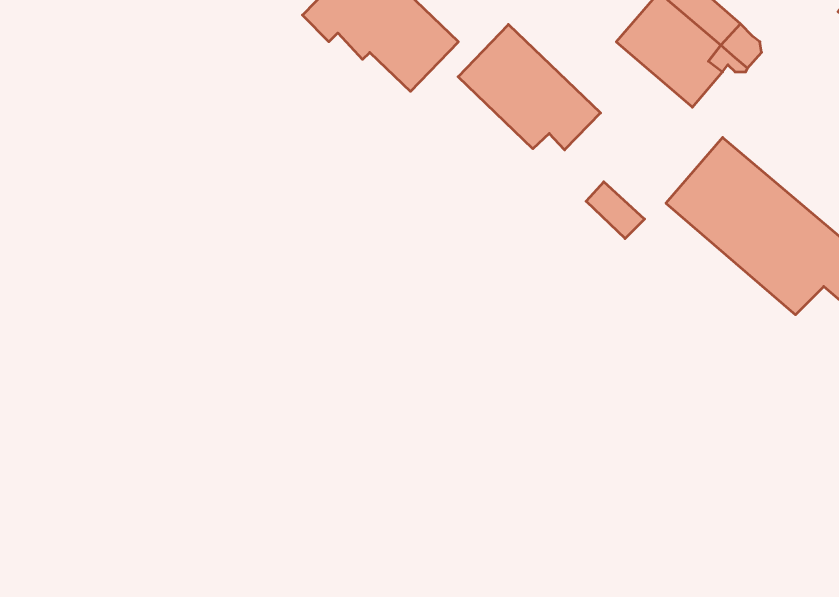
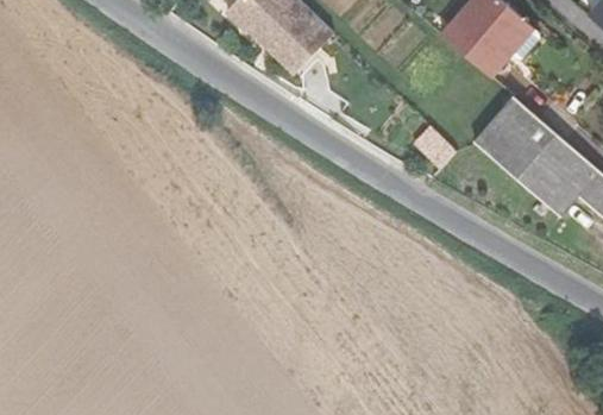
building: [458,24,601,150] -> none

